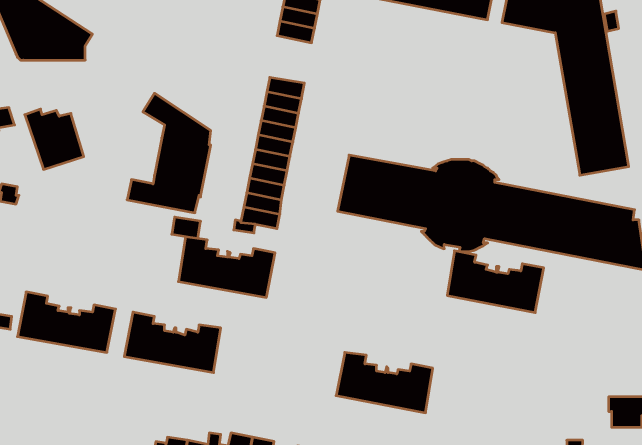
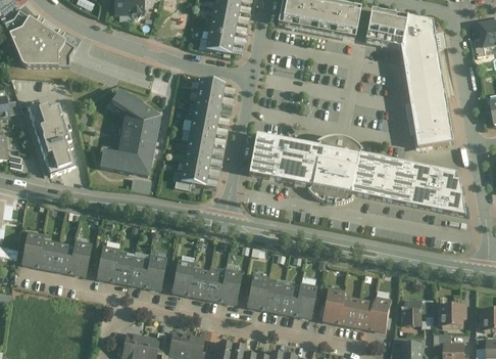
building: none -> [40,135,76,175]
building: [178,237,275,297] -> [172,260,241,303]
building: [447,251,544,313] -> [323,287,391,331]
building: none -> [402,302,427,323]

